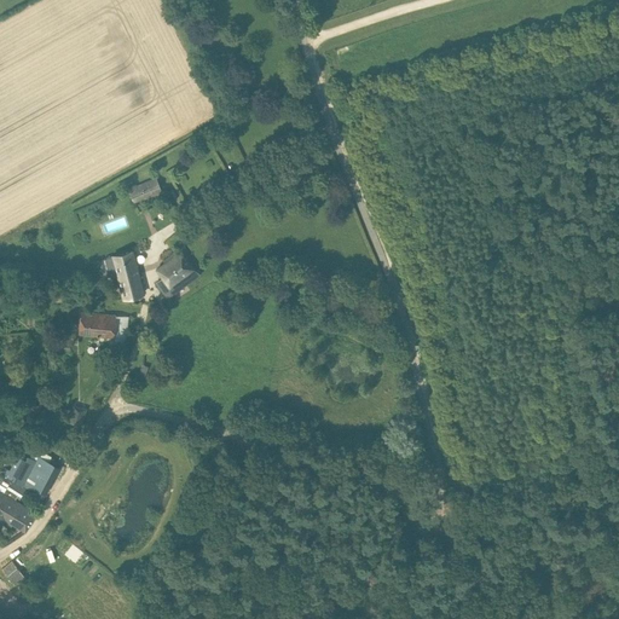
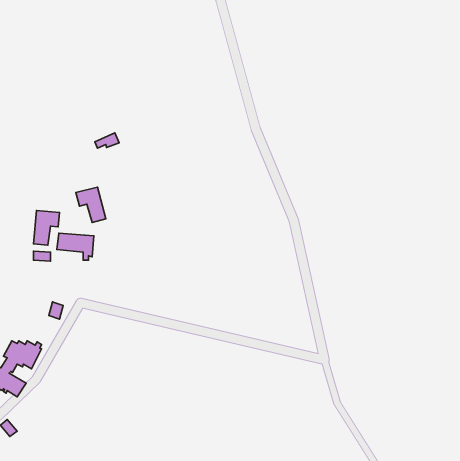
building: [154,248,198,299] -> none
building: none -> [34,211,59,245]

